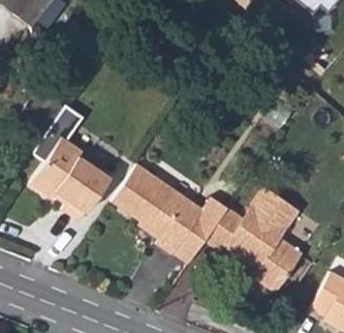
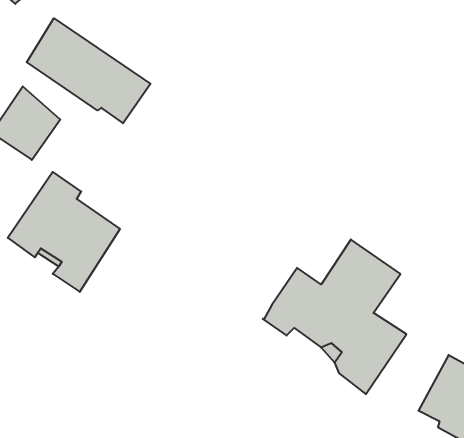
building: none -> [27,18,150,123]
building: [104,172,237,261] -> none

